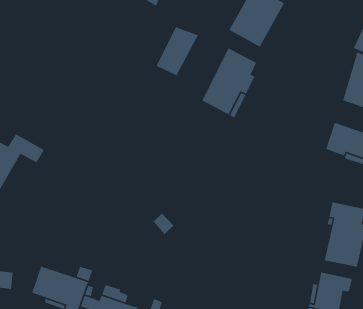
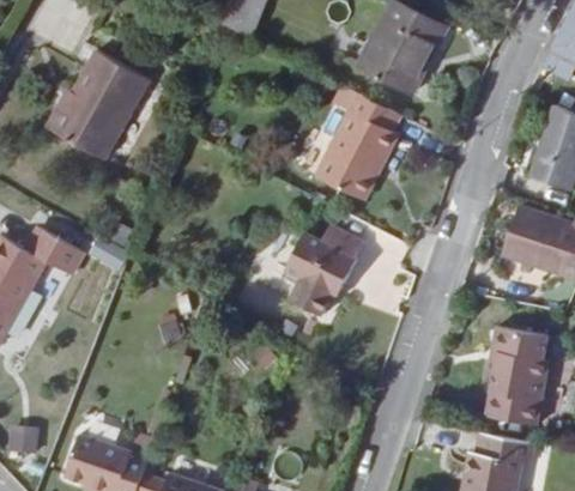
building: none -> [49,49,151,160]
building: [155,26,199,77] -> none
building: none -> [282,226,358,317]

